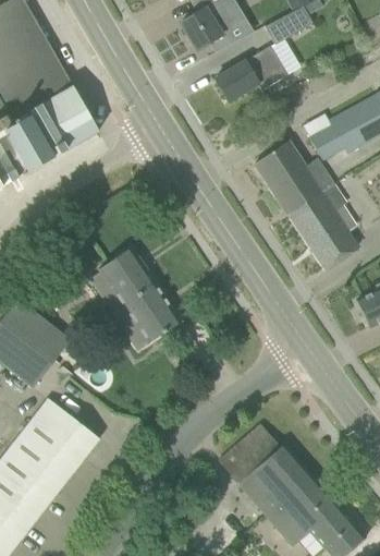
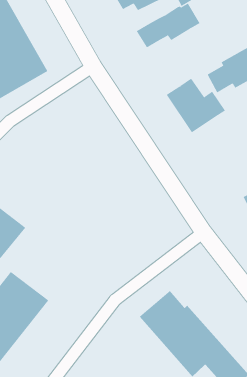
building: [289,185,357,269] -> none
building: [89,247,180,343] -> none

